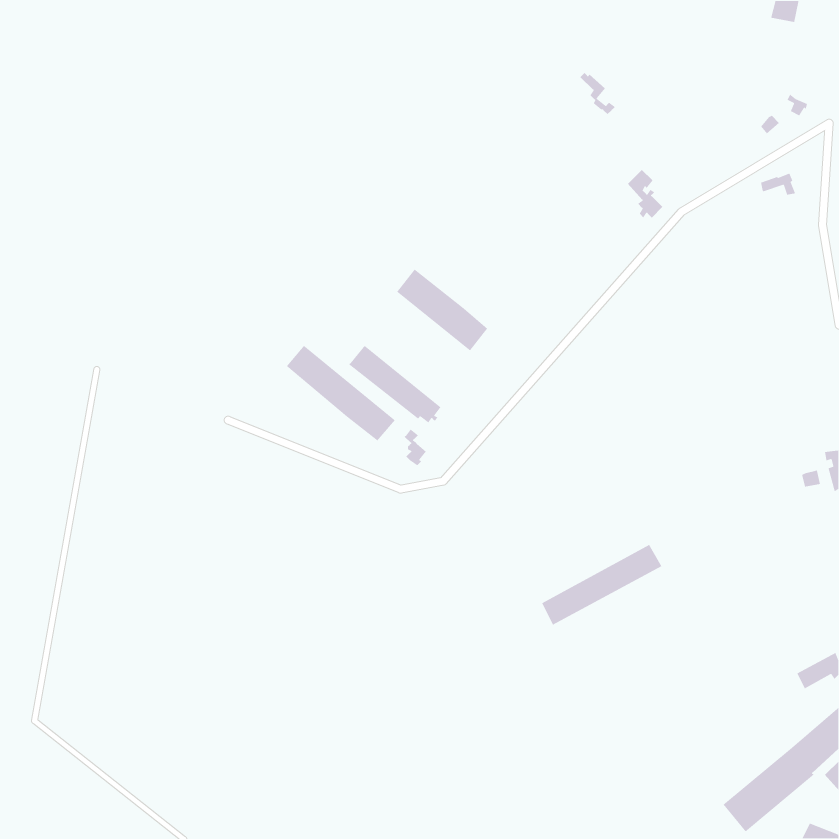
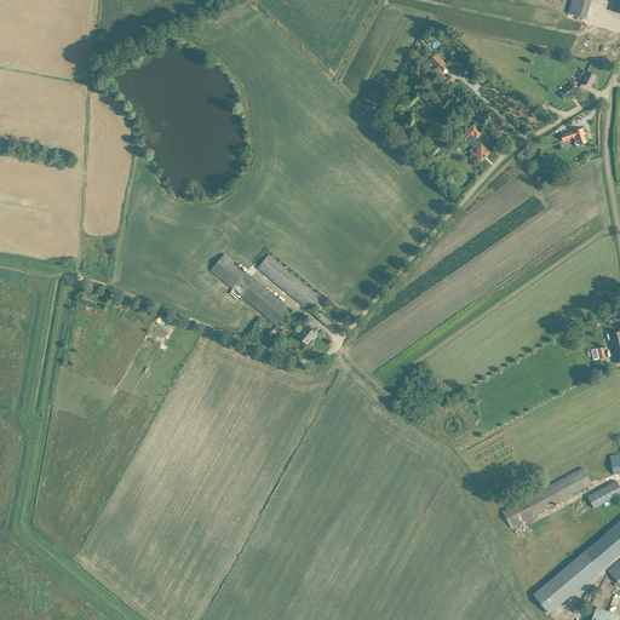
building: [396,269,488,352] -> none
building: [541,544,663,626] -> [503,467,592,528]

